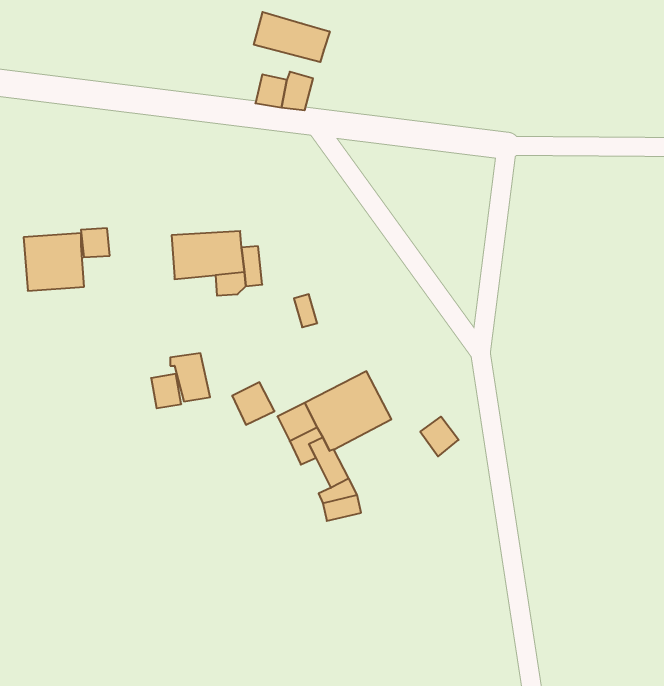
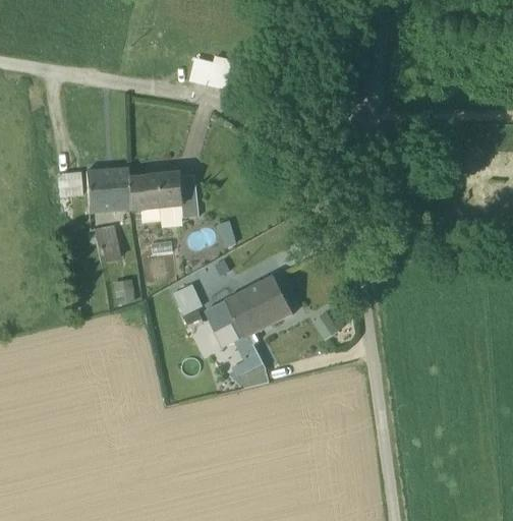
building: [254,12,330,62] -> none
building: [24,233,84,291] -> [86,167,130,210]
building: [170,353,210,401] -> [91,223,120,258]

